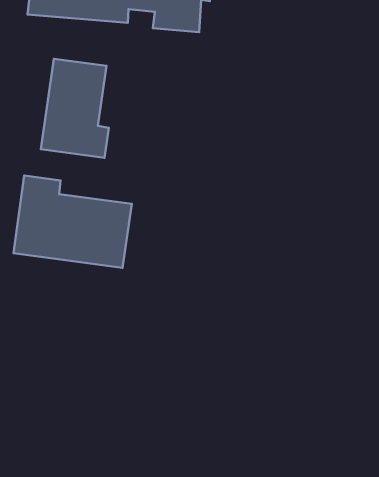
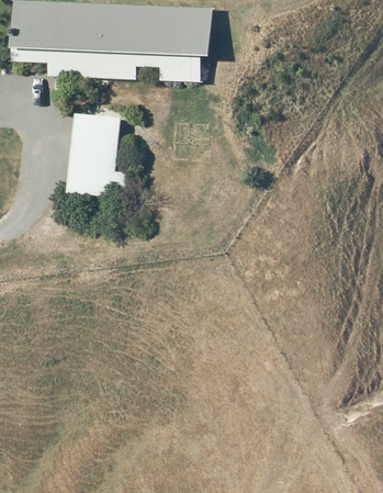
building: [14,176,132,268] -> none

